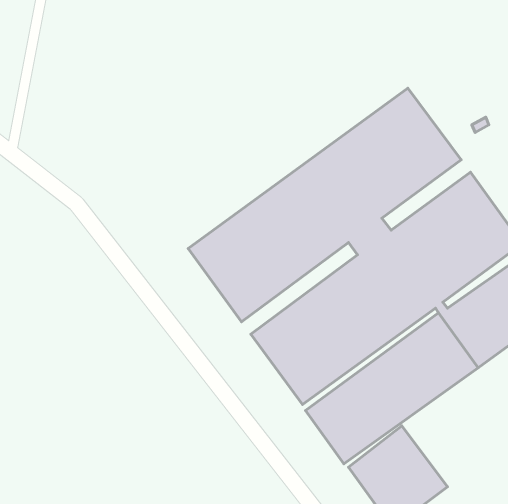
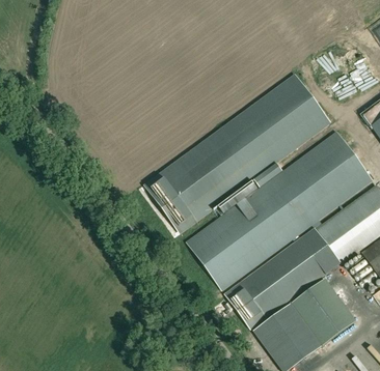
building: none -> [290,278,355,344]

